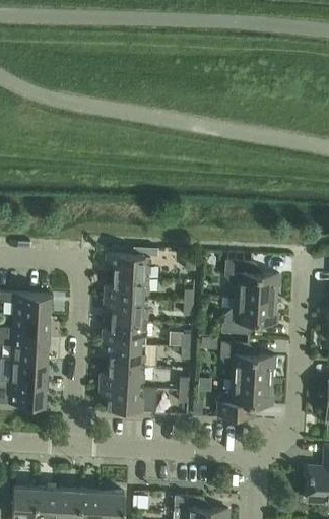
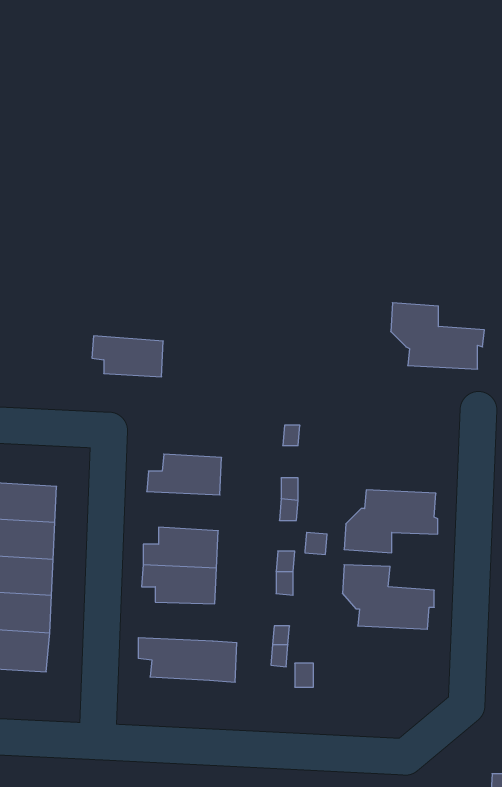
building: [107,254,149,278] -> [92,336,163,377]
building: [224,260,280,300] -> [391,303,484,369]
building: [104,299,147,322] -> none
building: [98,365,144,388] -> none
building: [217,379,273,417] -> none

